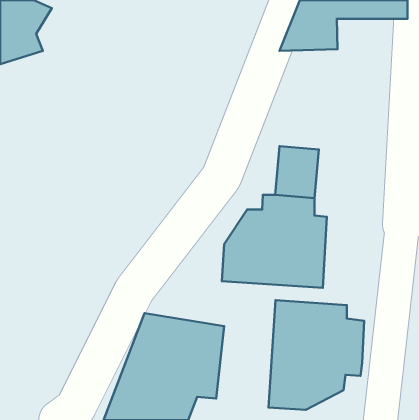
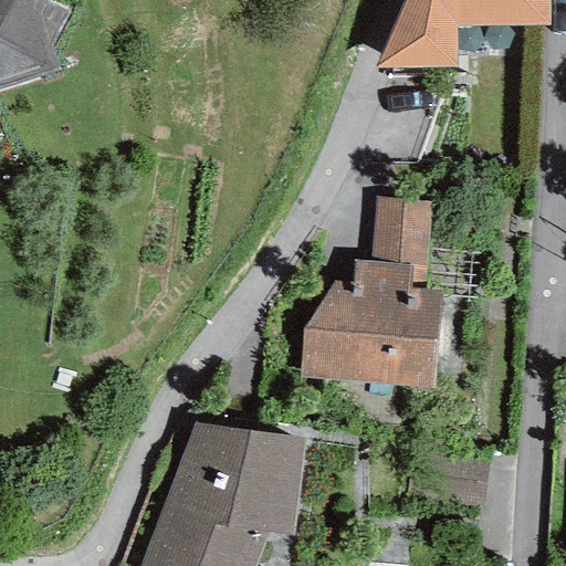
building: [269,300,364,410] -> none

